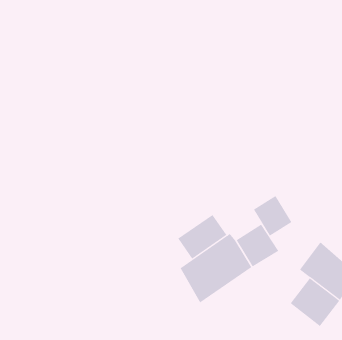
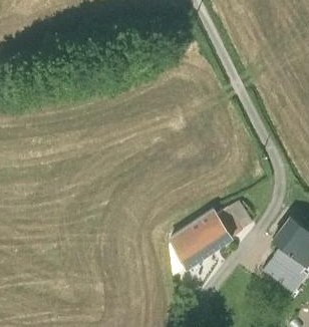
building: [253,195,292,236] -> none
building: [177,214,227,259] -> none

